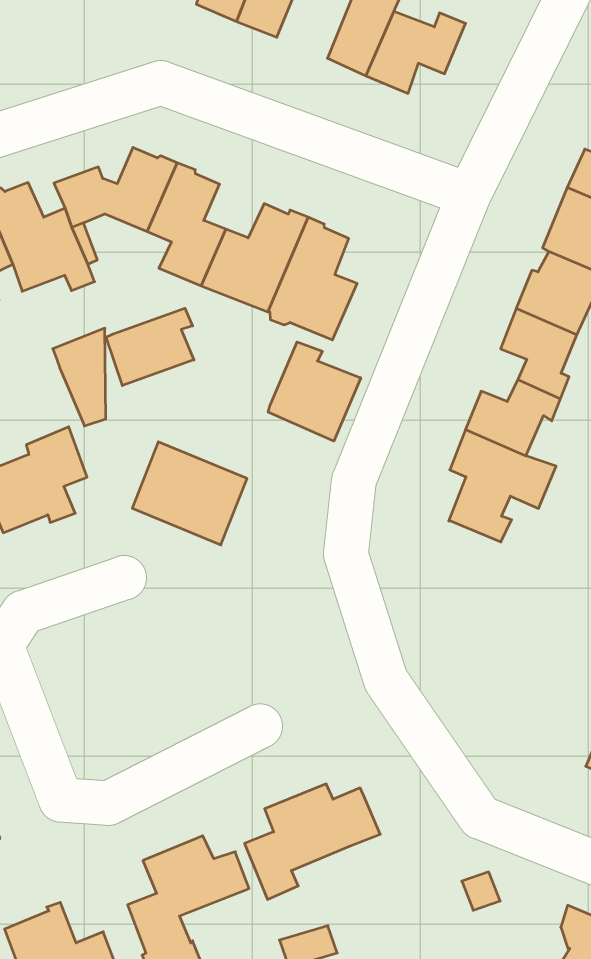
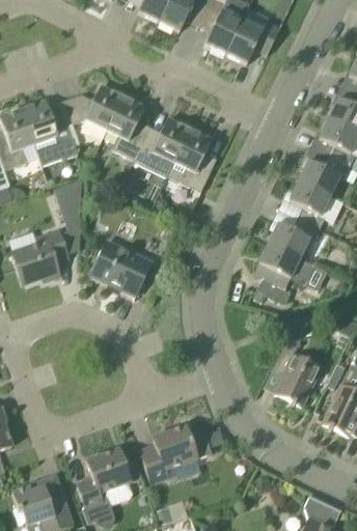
building: [106,308,194,386] -> none
building: [268,342,361,441] -> none
building: none -> [273,340,320,406]

